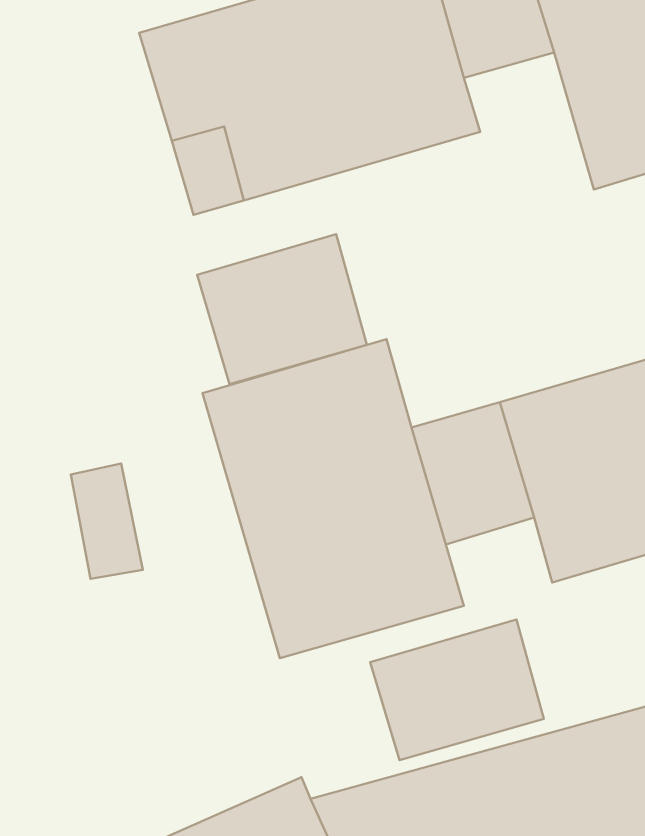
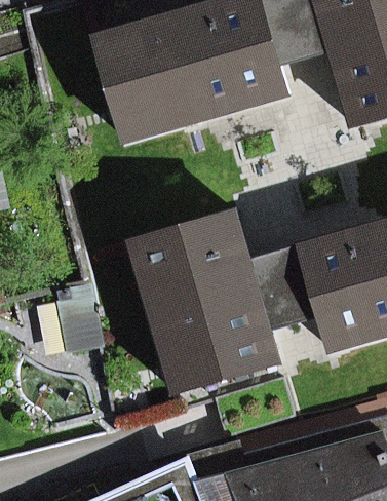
building: [197,234,367,384] -> none
building: [370,620,544,760] -> none

